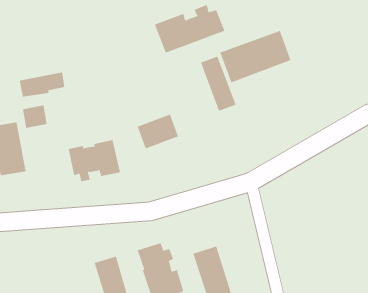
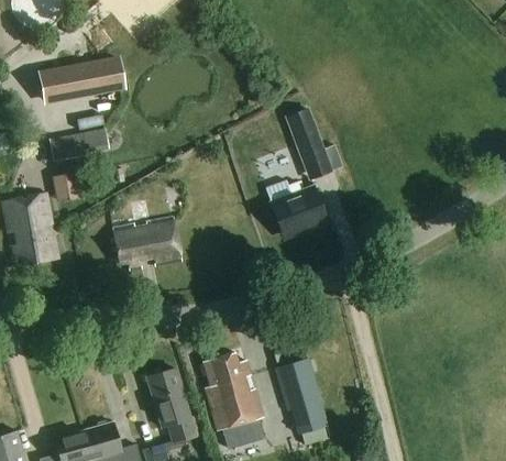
building: [154,4,225,53] -> none
building: none -> [37,58,125,102]
building: [219,30,291,83] -> none
building: [137,114,179,149] -> [272,190,327,237]

